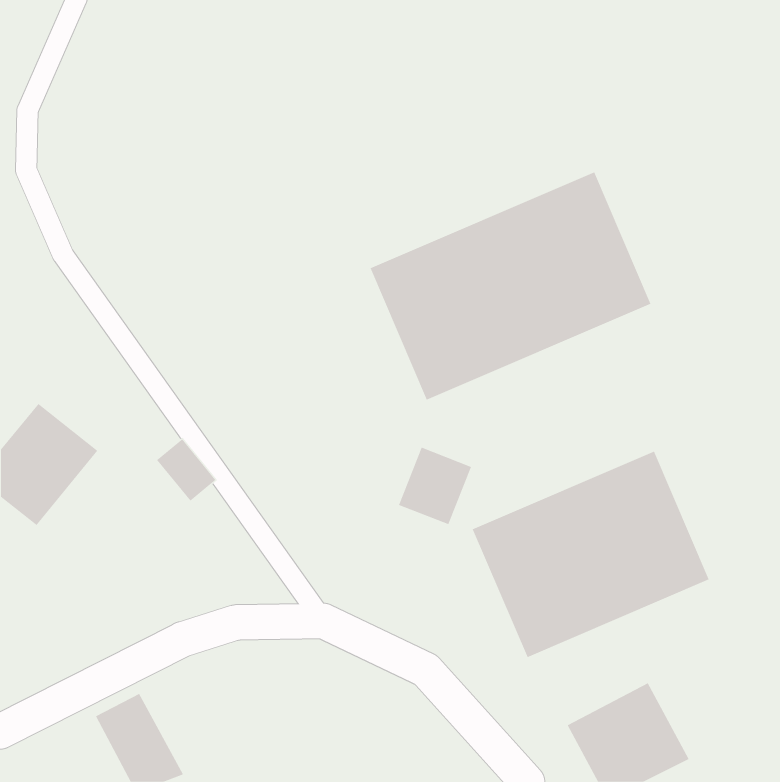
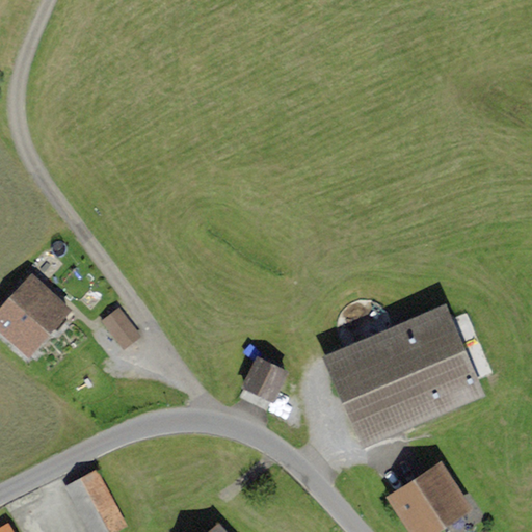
building: [370,172,651,400] -> none
building: [398,447,472,525] -> [241,354,291,407]

